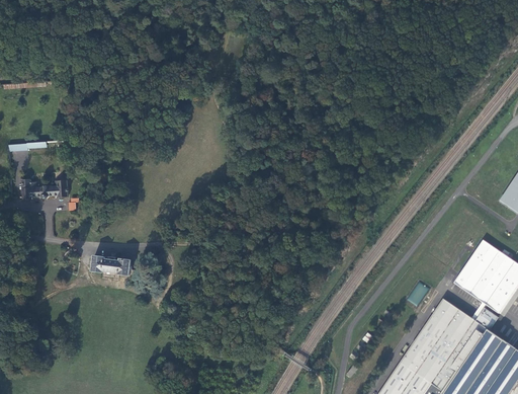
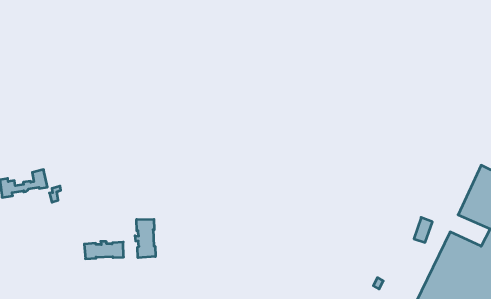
building: none -> [135,219,155,258]

